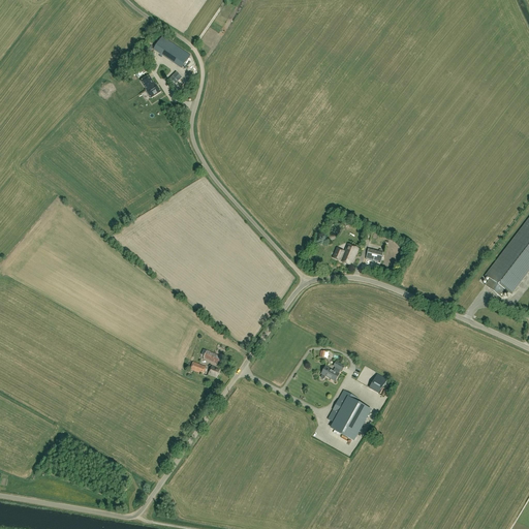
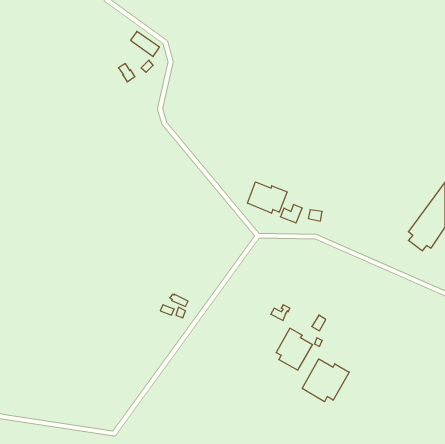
building: none -> [248,182,287,213]
building: none -> [302,359,349,402]

